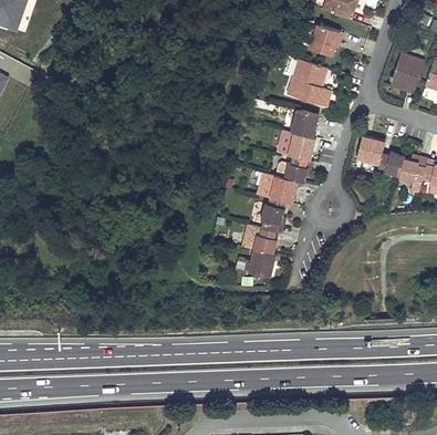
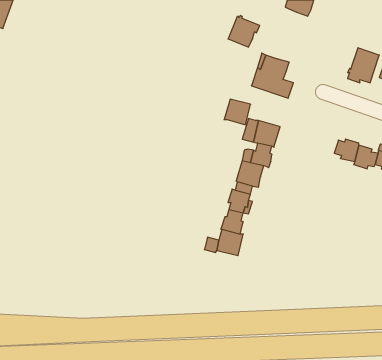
building: [309,21,343,55] -> [228,15,260,47]
building: [291,108,320,136] -> [224,99,251,125]
building: [355,134,383,163] -> none

